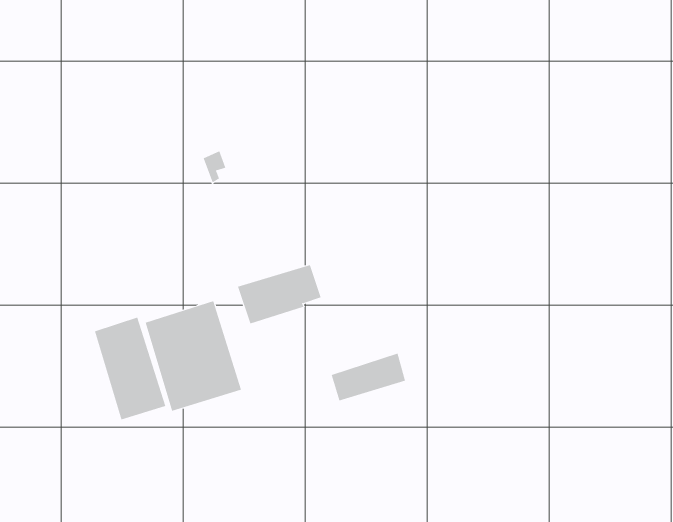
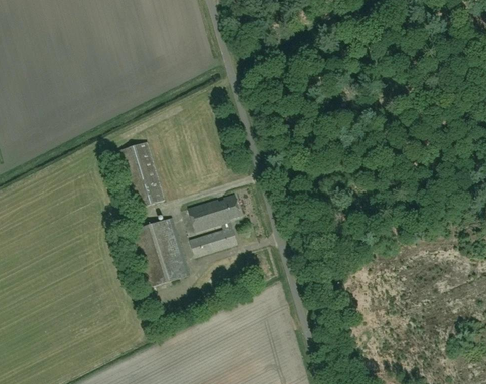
building: [94,317,166,420] -> [119,141,166,208]
building: [331,353,406,401] -> [190,226,238,257]

